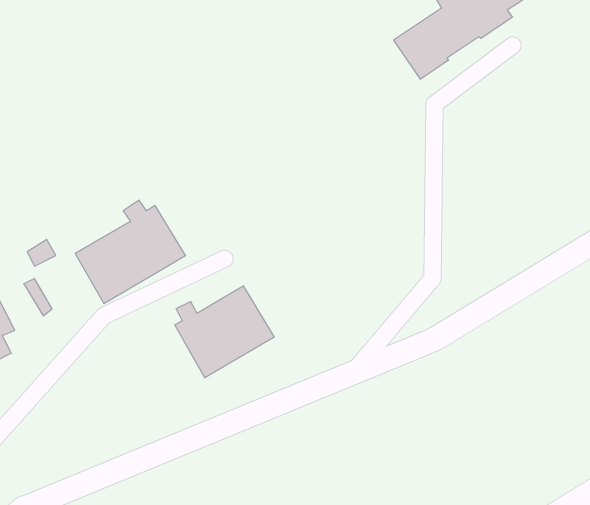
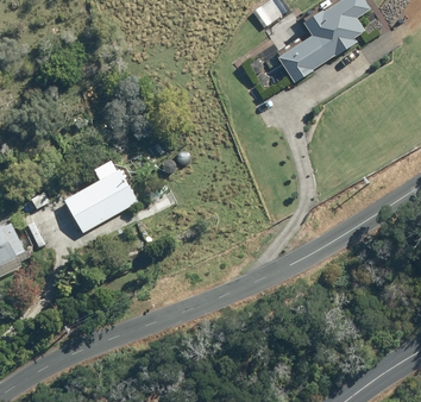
building: [175,286,274,378] -> none

